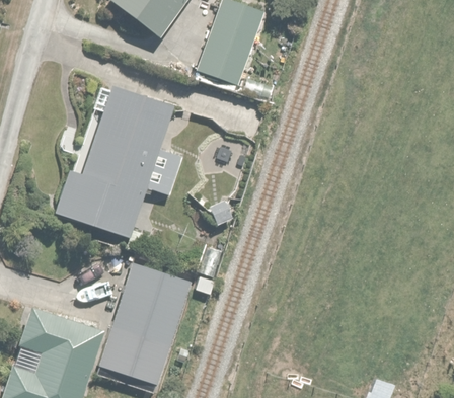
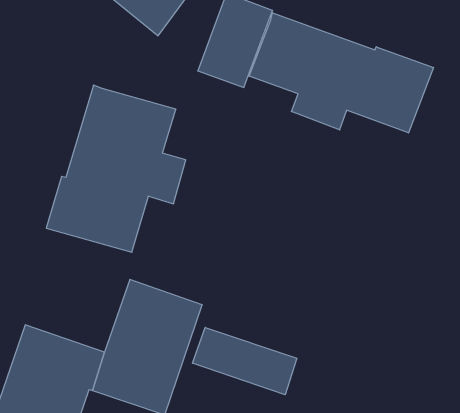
building: none -> [249,13,433,133]
building: none -> [193,327,297,395]

